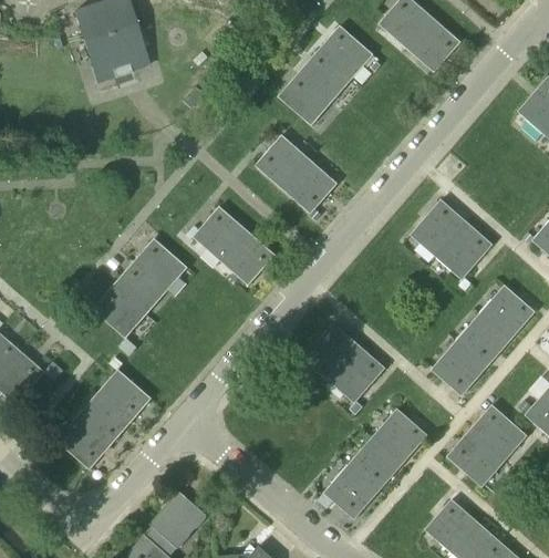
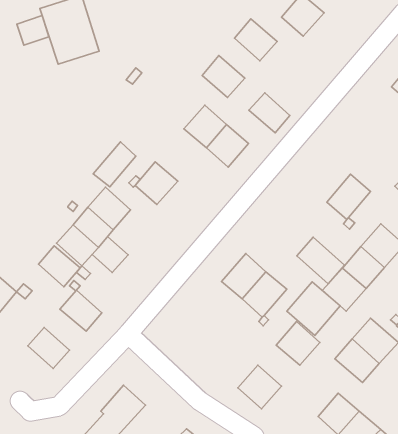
building: [406,17,460,71] -> none
building: none -> [17,15,49,45]
building: [299,49,351,100] -> [249,93,290,133]
building: none -> [93,142,136,187]
building: [410,199,466,257] -> none
building: [220,230,275,285] -> none
building: none -> [92,237,128,273]
building: none -> [297,237,345,284]
building: none -> [287,282,340,335]
building: [77,393,131,445] -> [38,246,80,287]
building: [349,438,402,490] -> none

